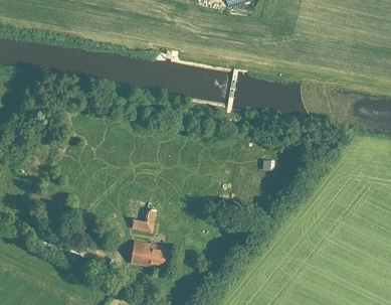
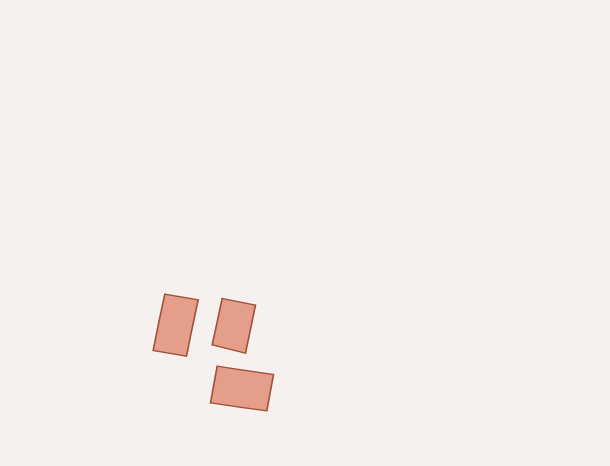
building: none -> [153,294,198,356]

